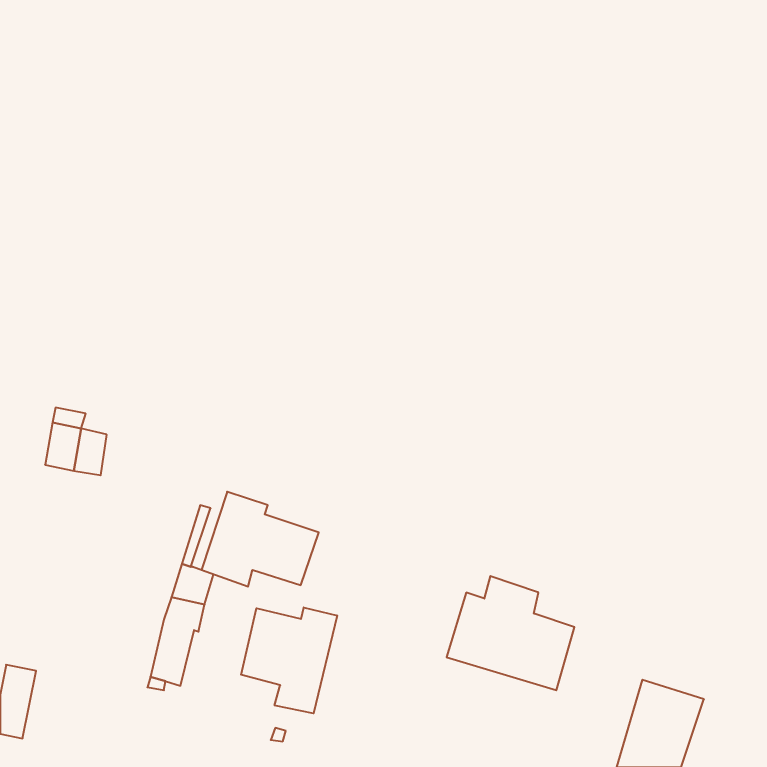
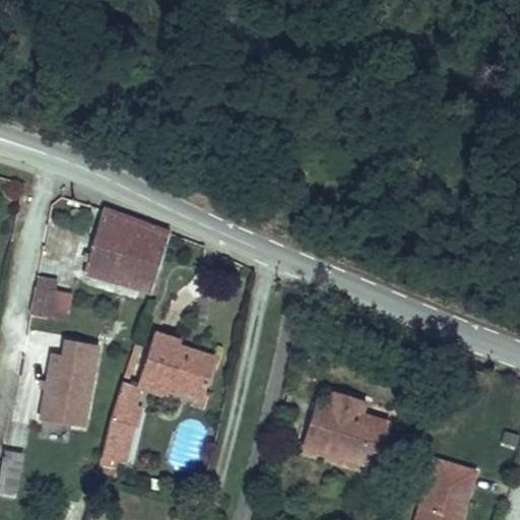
building: none -> [85,208,172,290]
building: none -> [40,341,98,426]
building: [241,607,337,713] -> none

